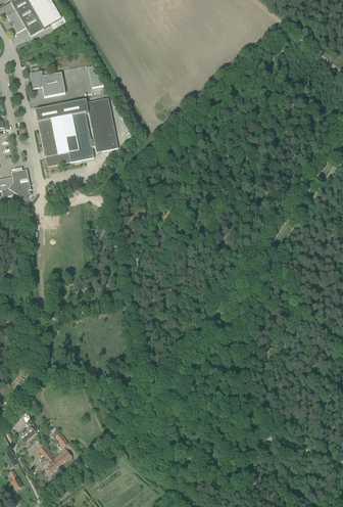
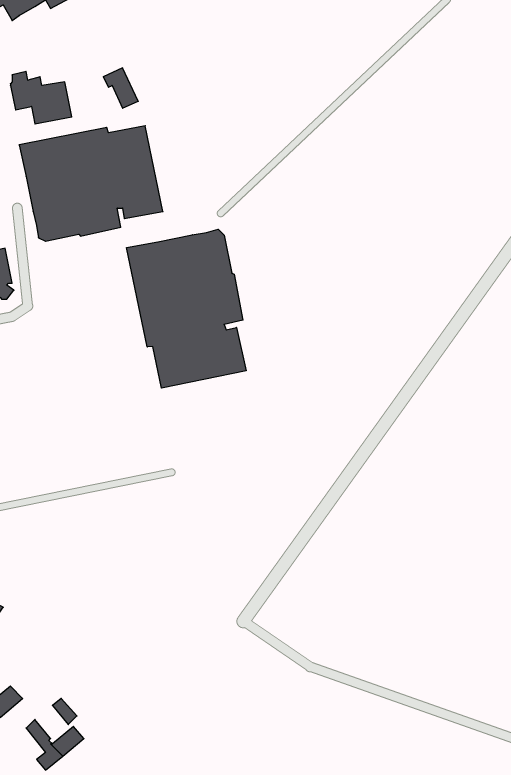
building: none -> [127,229,246,388]

